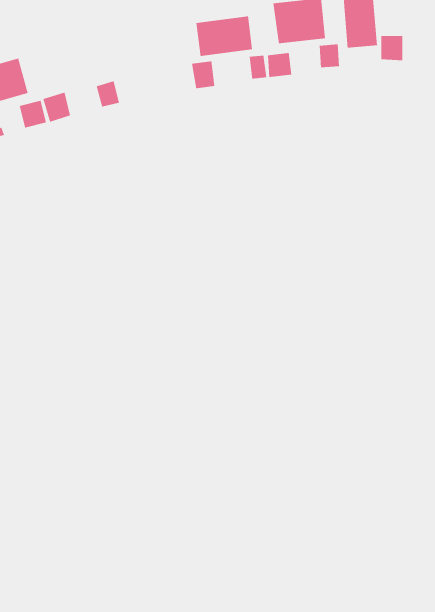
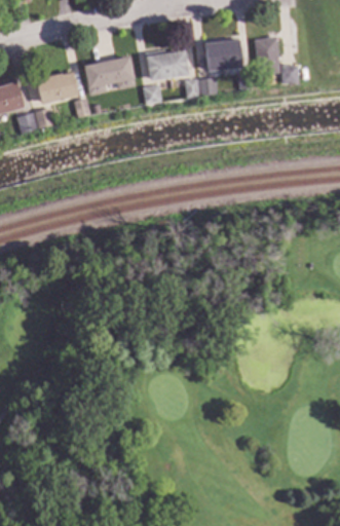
building: none -> [83,55,135,96]
building: none -> [36,71,78,103]

